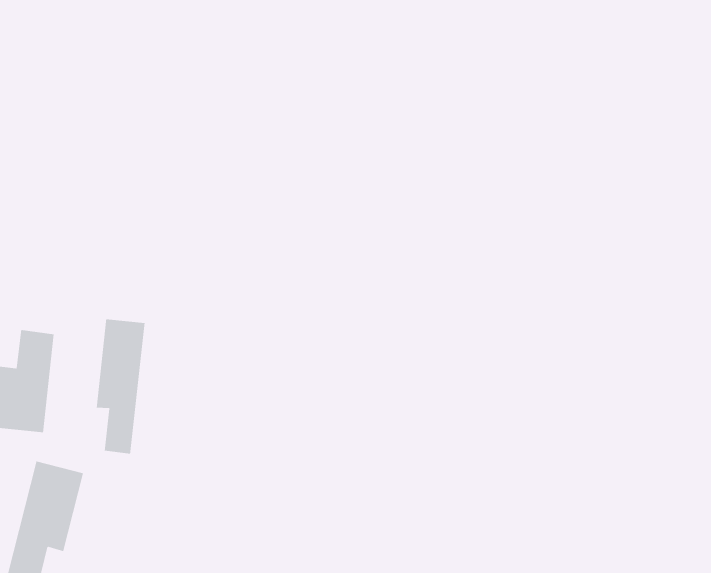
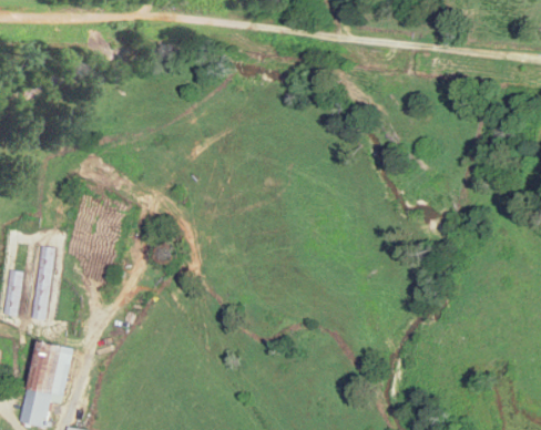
building: [96,318,145,455] -> none

